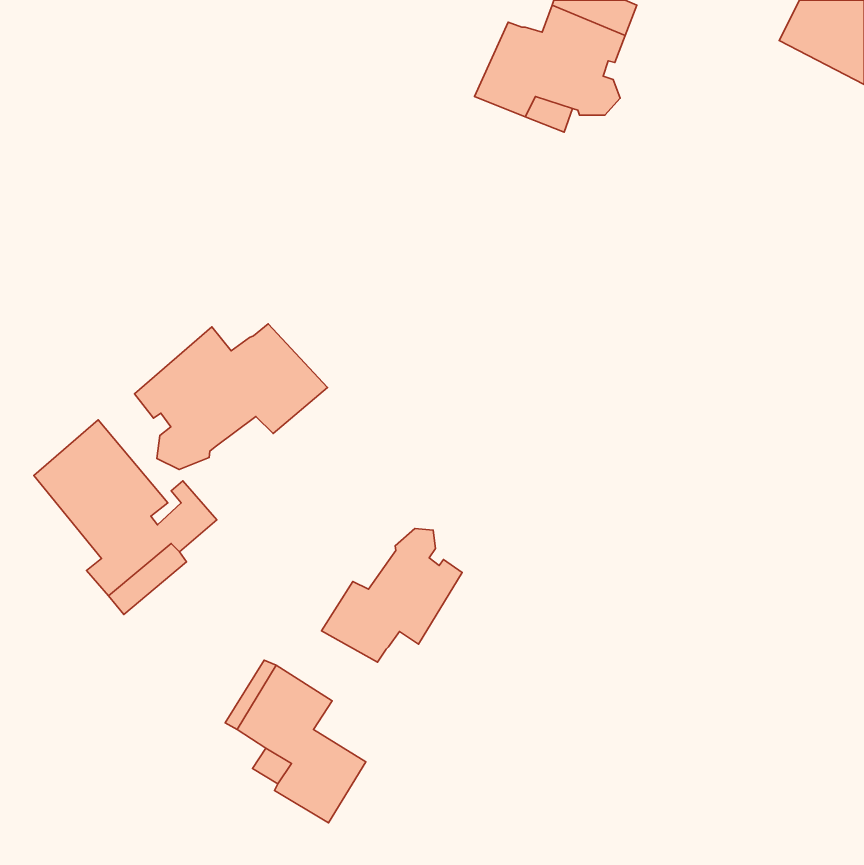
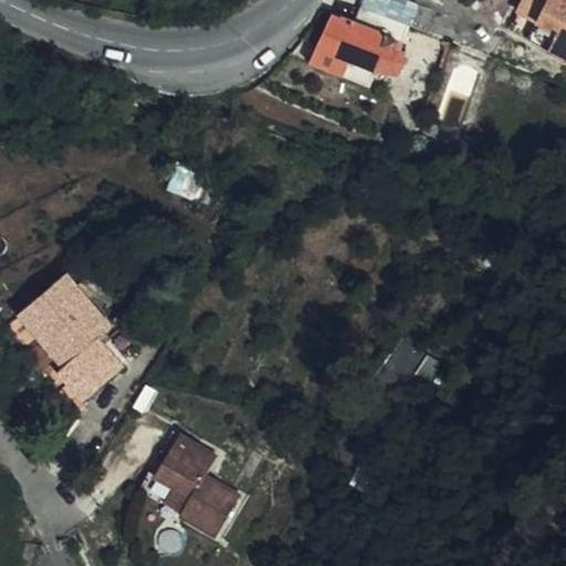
building: [134,324,328,469] -> none
building: [322,528,462,662] -> none

